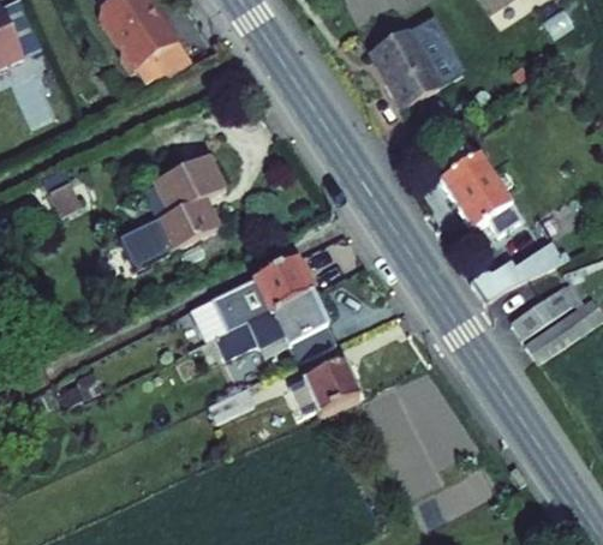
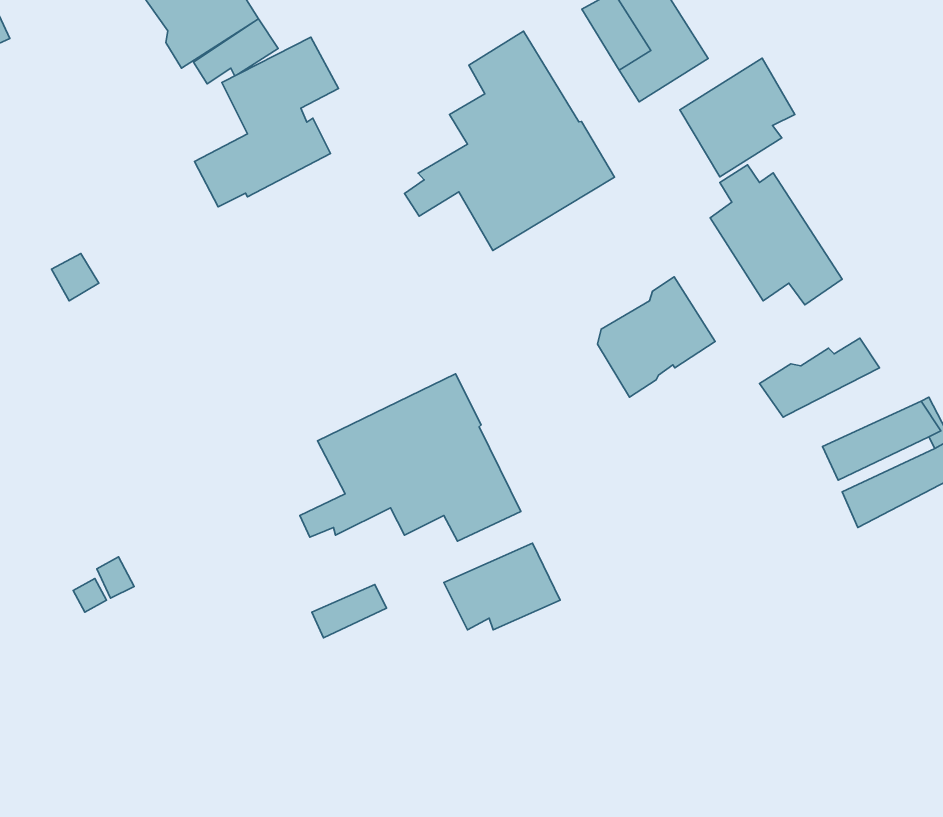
building: none -> [405,31,615,250]
building: none -> [680,58,795,177]
building: [137,156,225,259] -> [194,37,338,207]
building: none -> [598,277,715,397]

